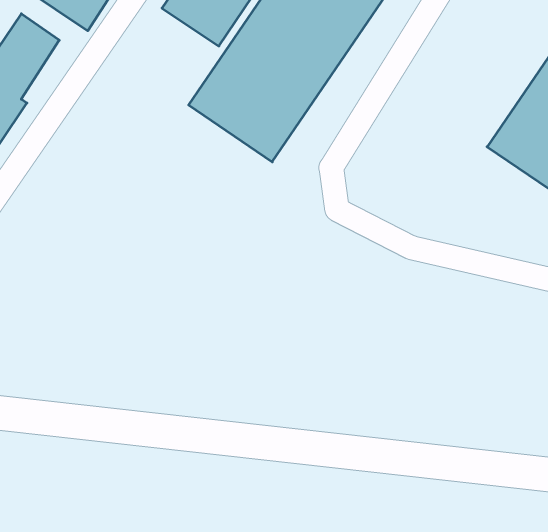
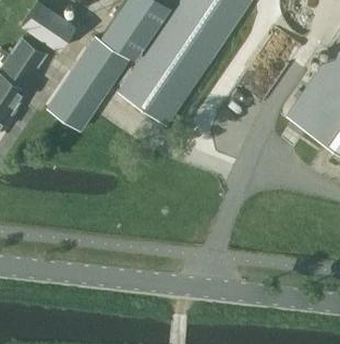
building: none -> [46,38,126,132]

